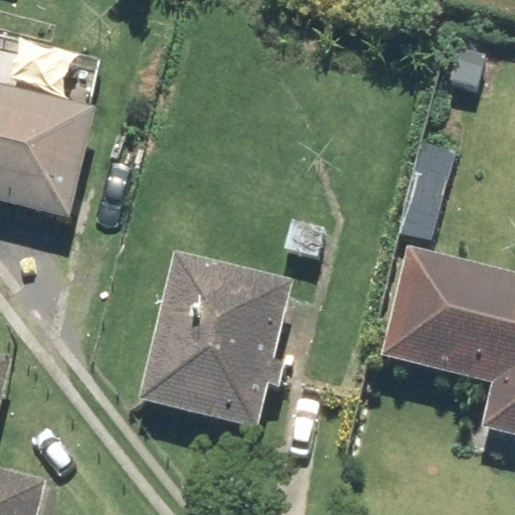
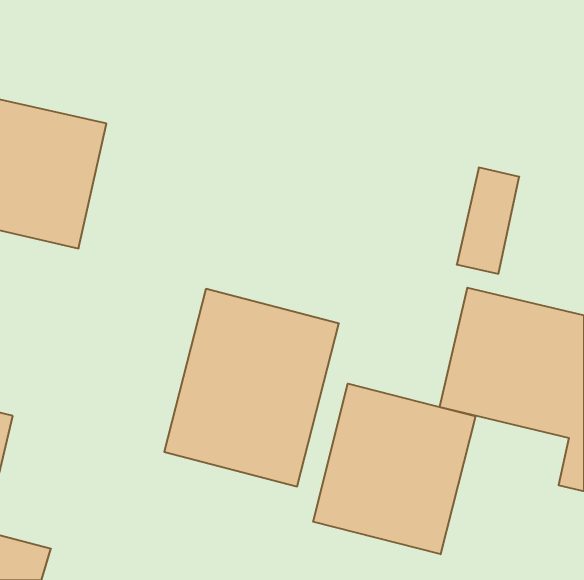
building: none -> [313,384,475,554]

